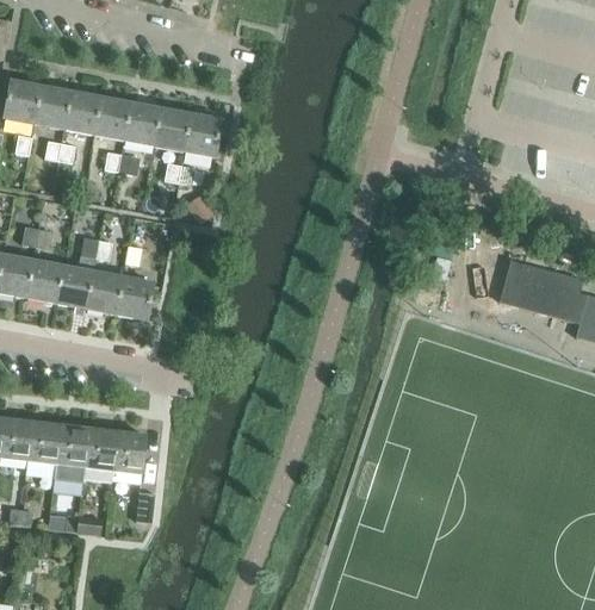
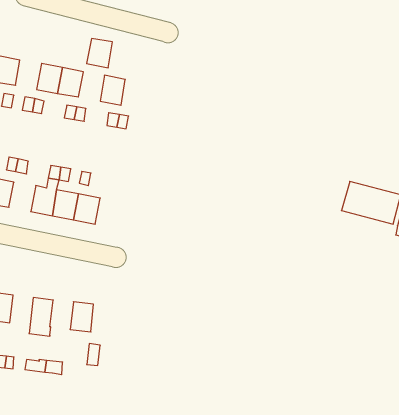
building: [35,86,72,127] -> none
building: [124,102,161,144] -> [87,39,112,68]
building: [185,113,222,155] -> none
building: [25,260,63,301] -> none
building: [25,421,60,475] -> none
building: [83,428,117,480] -> none

